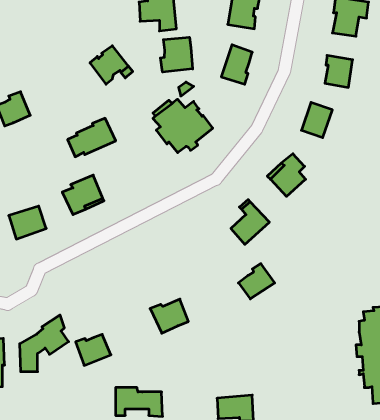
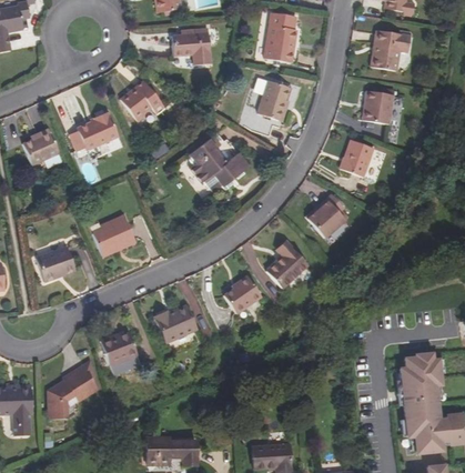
building: [160,37,193,72] -> none
building: [68,118,116,157] -> [69,111,119,151]
building: [238,264,275,299] -> [224,275,262,312]
building: [150,299,188,333] -> [155,305,195,341]
building: [76,334,111,365] -> [101,332,138,364]

